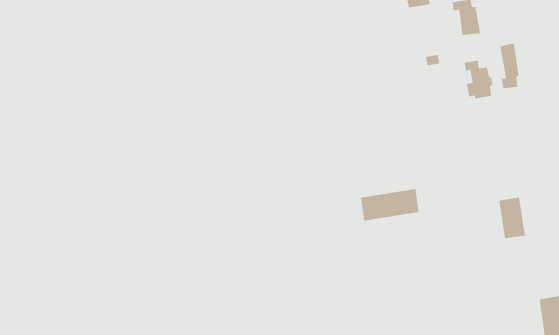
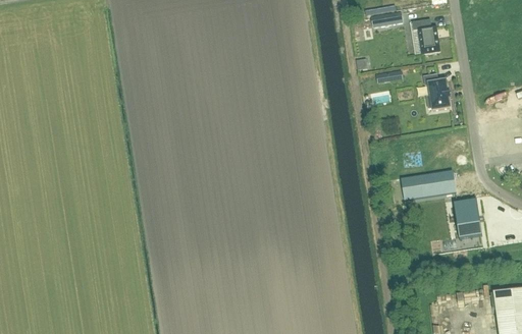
building: [500,43,519,89] -> none
building: [360,189,419,221] -> [402,170,456,200]

